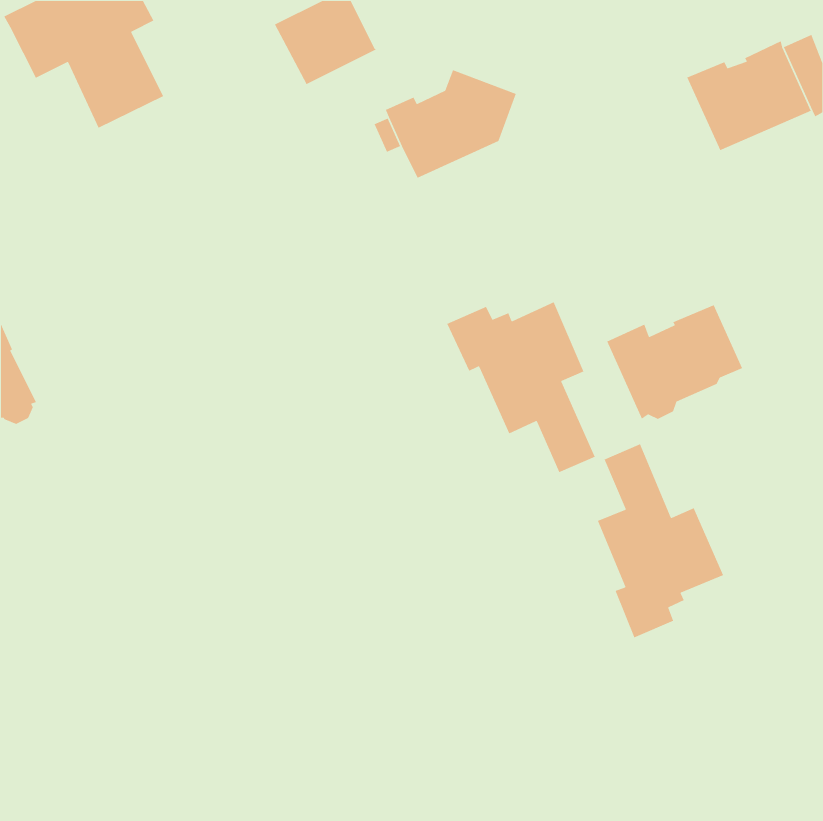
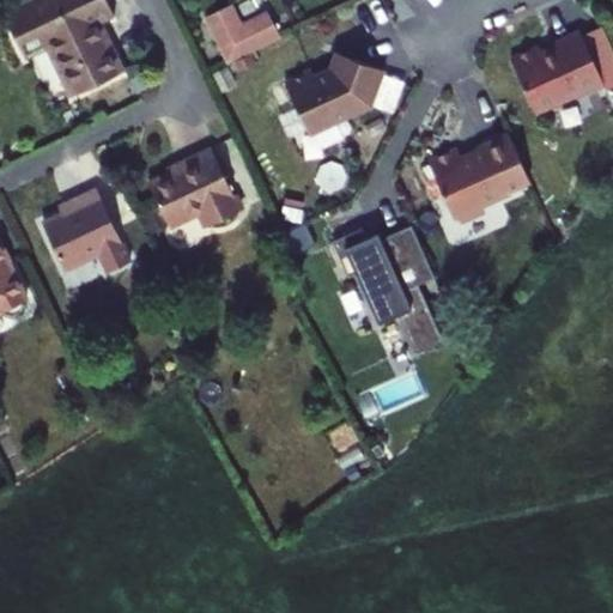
building: none -> [150,147,241,227]
building: none -> [43,189,122,269]
building: [606,304,743,420] -> [429,134,530,220]
building: [597,443,724,638] -> none

